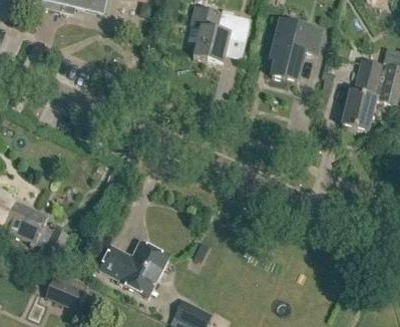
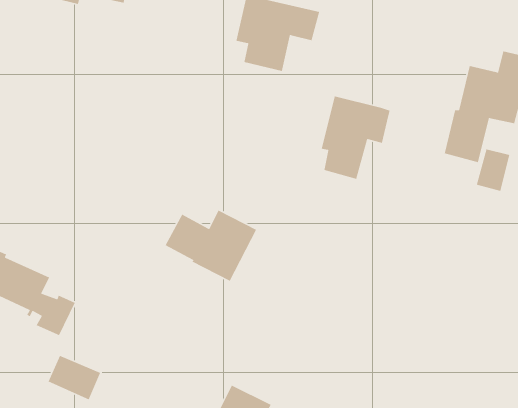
building: [269,19,321,82] -> [321,96,391,180]
building: none -> [476,149,510,192]
building: [99,242,168,296] -> [164,209,257,282]

